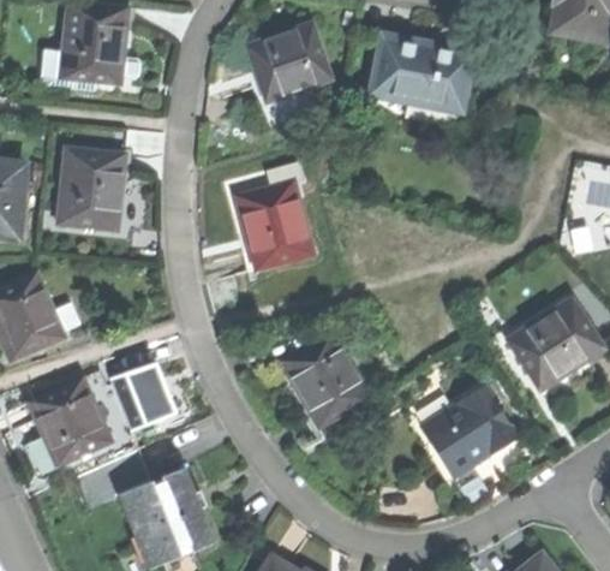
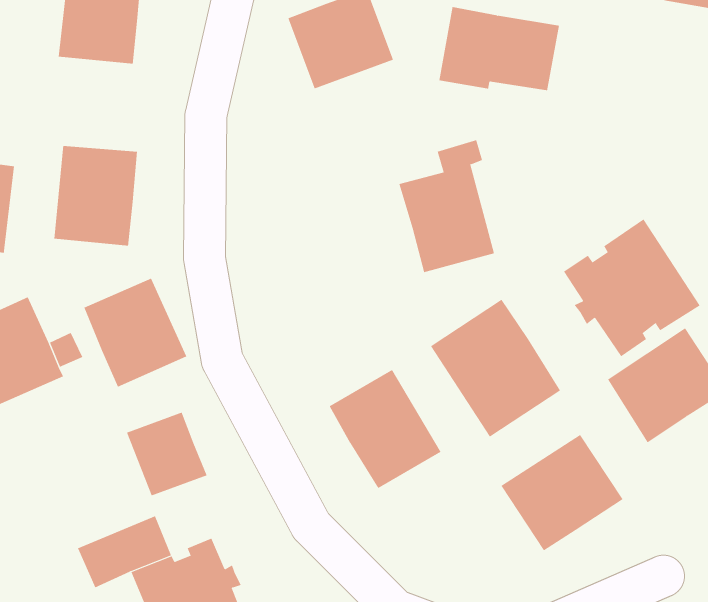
building: [235,161,313,269] -> [398,140,495,273]
building: none -> [563,219,700,357]
building: none -> [430,299,561,437]
building: [29,377,113,466] -> [83,278,187,388]

